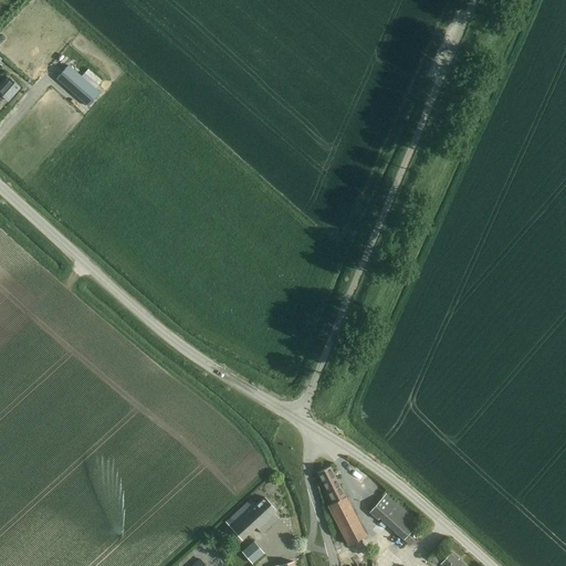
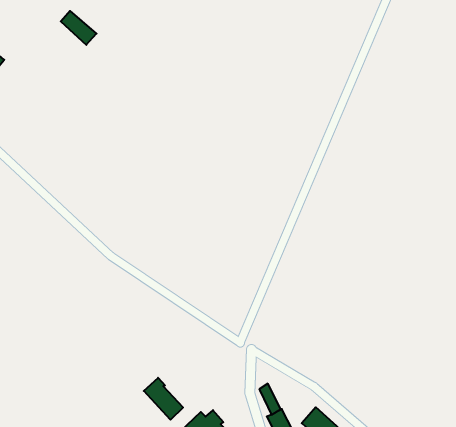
building: [57,66,99,106] -> [61,11,97,45]
building: none -> [144,378,183,420]

